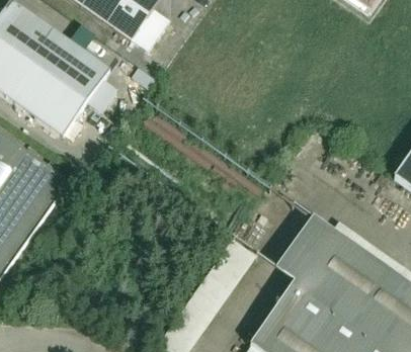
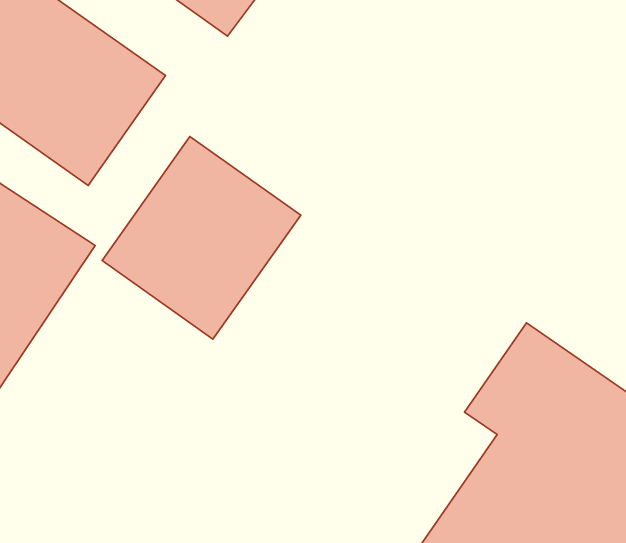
building: none -> [102,136,301,339]

